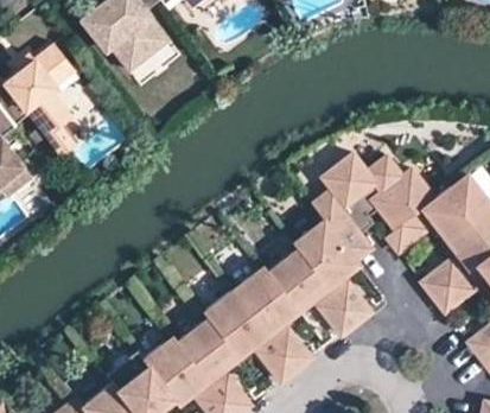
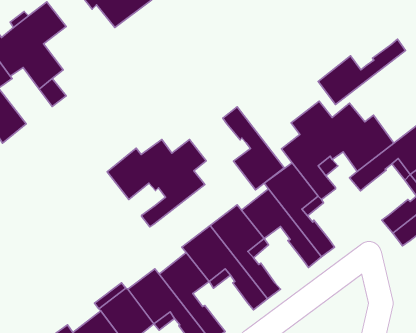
building: none -> [318,39,406,104]
building: none -> [223,107,284,190]
building: none -> [107,139,206,227]

